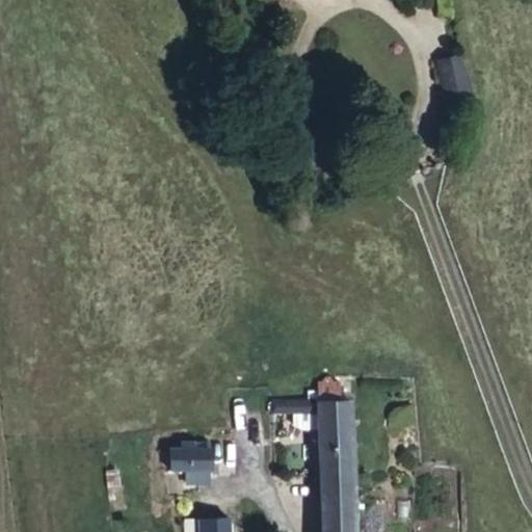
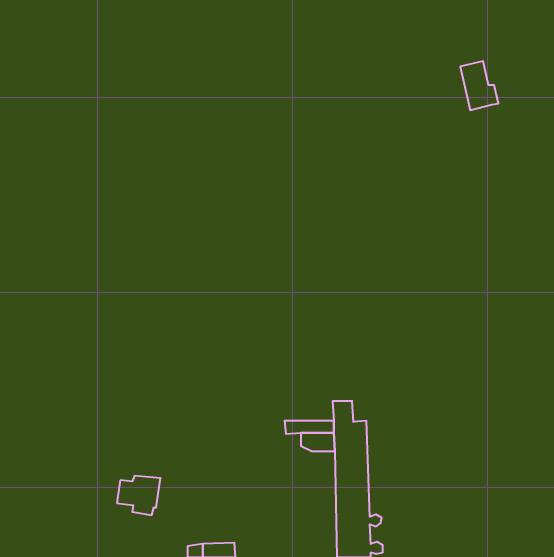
building: [171,446,213,483] -> [117,476,161,515]

